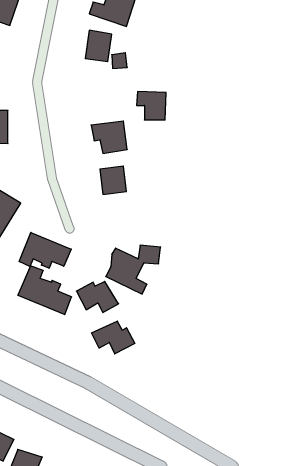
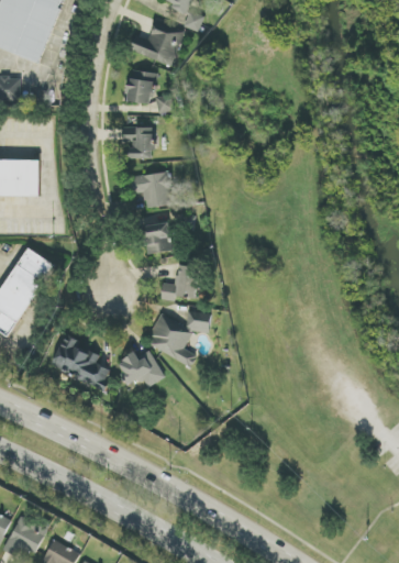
building: [137,92,166,120] -> [121,125,154,157]
building: none -> [159,265,197,299]
building: [19,232,71,268] -> none
building: [92,321,135,354] -> none

